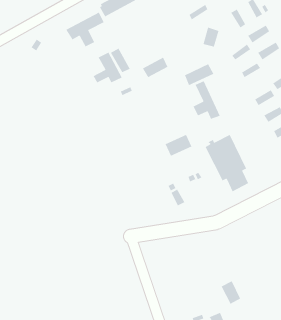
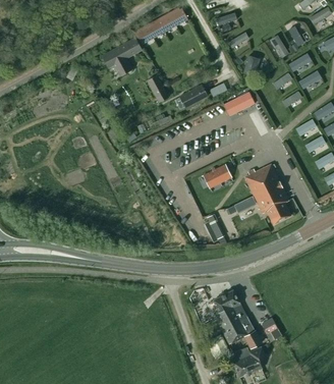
building: [93,51,123,84] -> none
building: [192,80,221,120] -> none
building: none -> [213,290,261,348]

